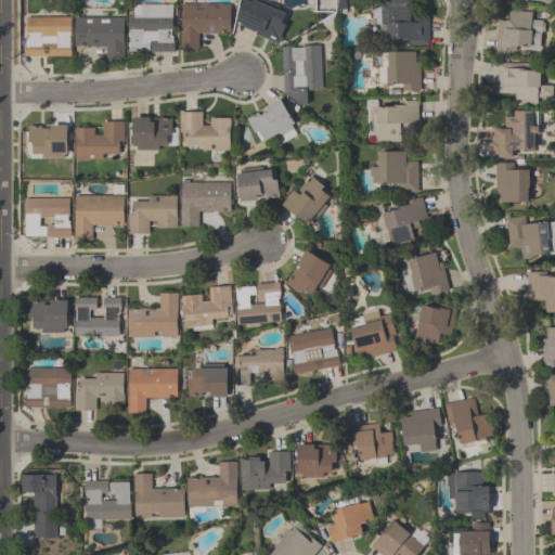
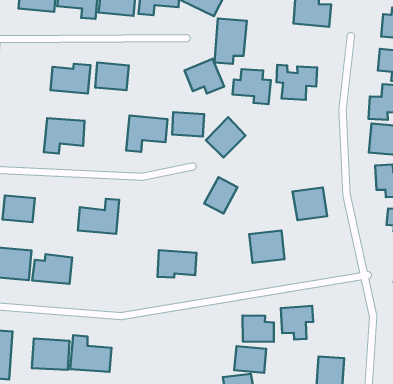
building: [380,51,421,91] -> none
building: [181,111,231,149] -> none
building: [29,124,68,157] -> none
building: [371,149,418,192] -> [233,69,271,104]
building: [128,195,178,233] -> none
building: [25,197,70,236] -> none
building: [382,197,429,246] -> none
building: [182,284,281,325] -> none
building: [76,296,121,335] -> none
building: [413,300,457,345] -> none
building: [288,327,340,374] -> none
building: [189,364,228,396] -> none
building: [128,366,178,412] -> none
building: [446,397,495,442] -> none
building: [297,444,336,476] -> [234,346,266,373]
building: [242,451,291,489] -> none
building: [188,461,238,505] -> none

